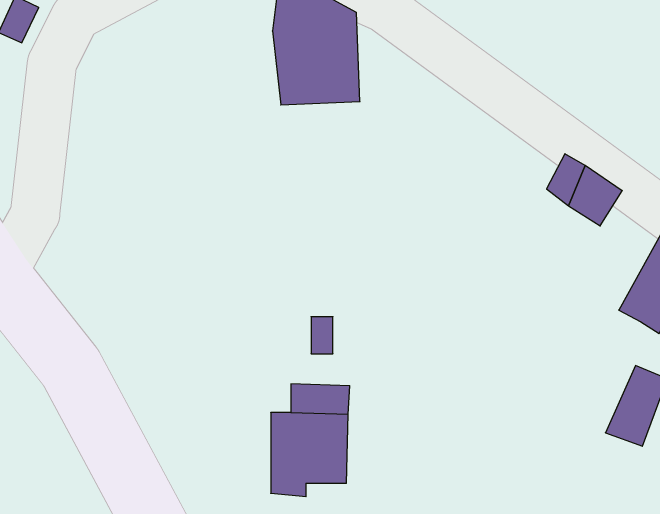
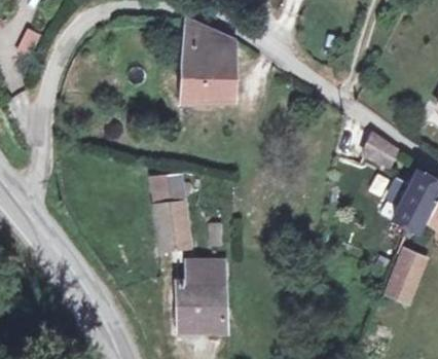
building: none -> [158,175,195,249]

